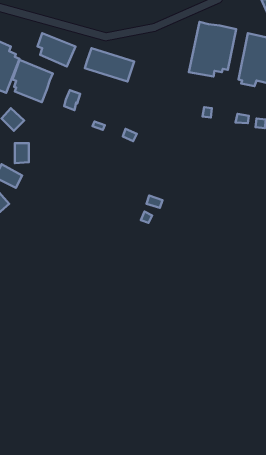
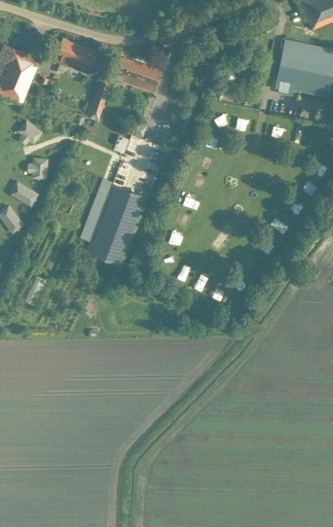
building: [189,22,236,76] -> none
building: [12,60,53,102] -> none
building: none -> [85,181,147,264]

